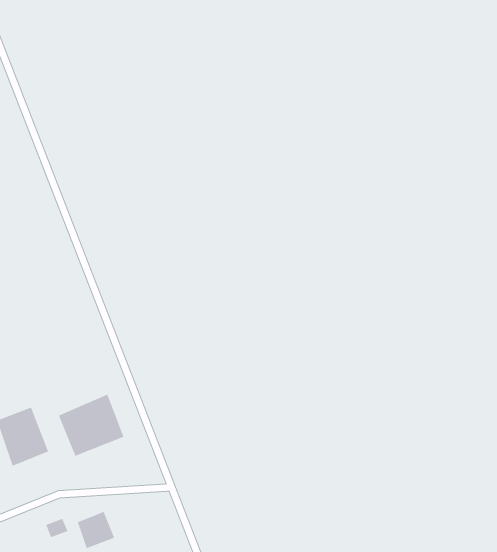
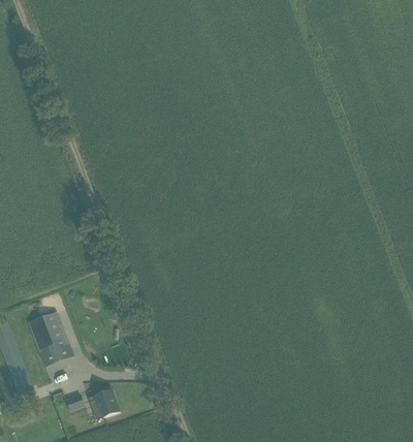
building: [58,393,125,457] -> none

